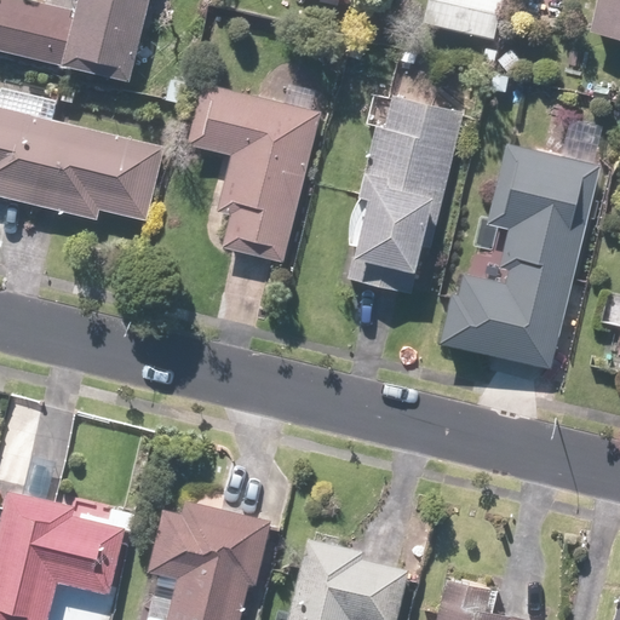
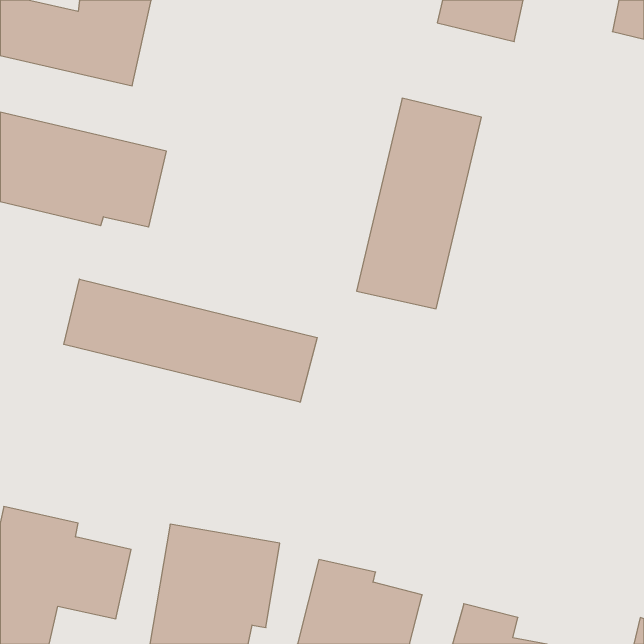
building: [183,74,318,263] -> none
building: [436,142,599,369] -> none
building: none -> [64,279,317,402]

